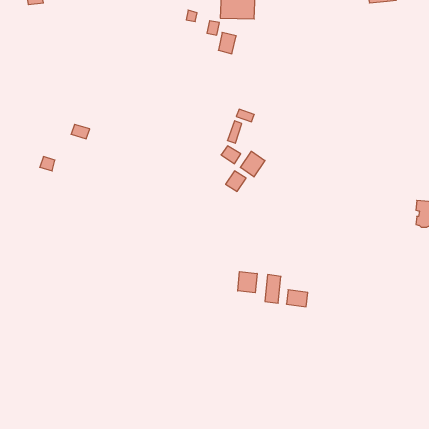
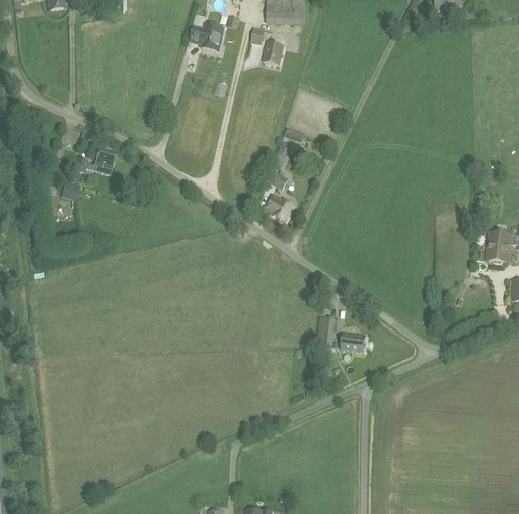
building: none -> [189,23,223,50]
building: [240,151,265,177] -> none
building: [238,272,257,293] -> none

